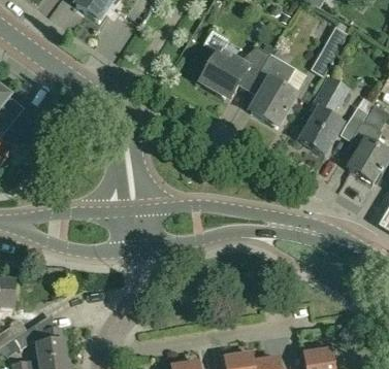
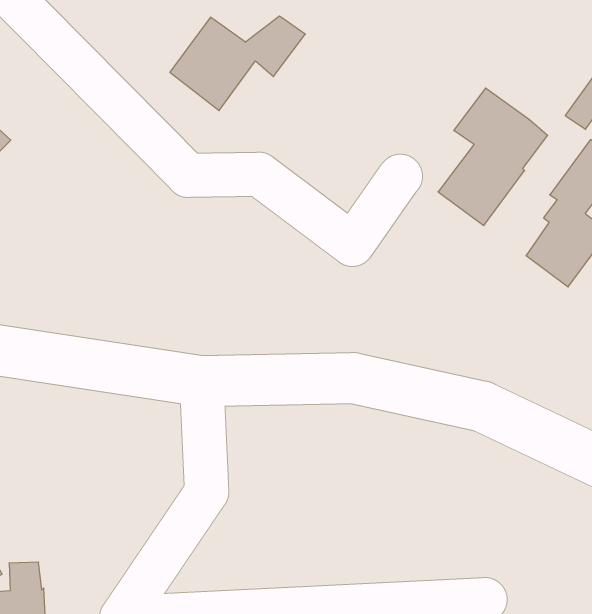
building: [201,46,270,99] -> [170,16,305,111]

